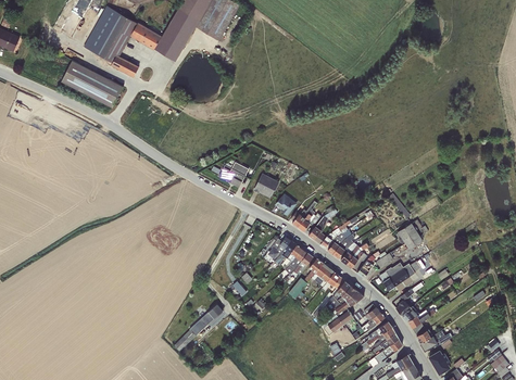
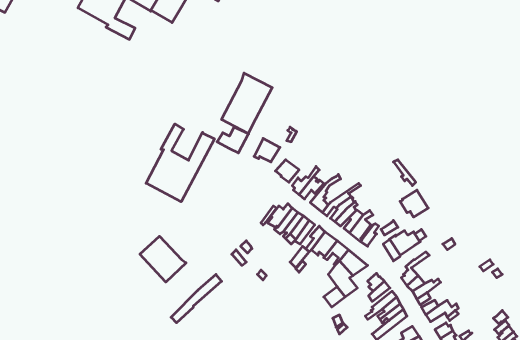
building: [61,60,123,107] -> none
building: none -> [222,73,272,134]
building: none -> [146,124,214,202]
building: none -> [140,236,186,282]

